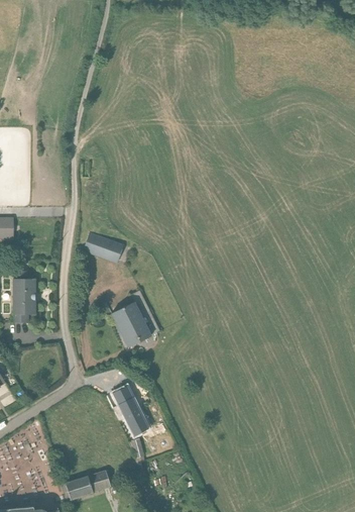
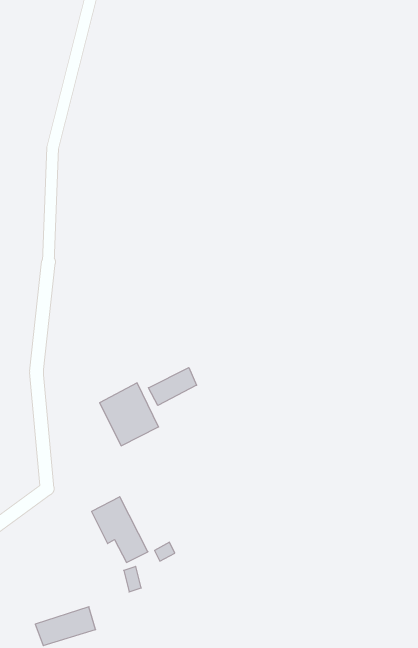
building: [83,232,124,264] -> none
building: none -> [148,368,197,405]

